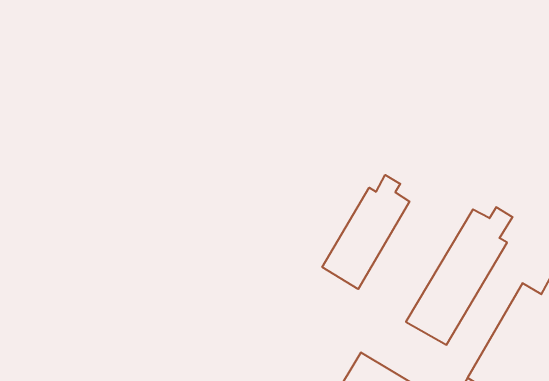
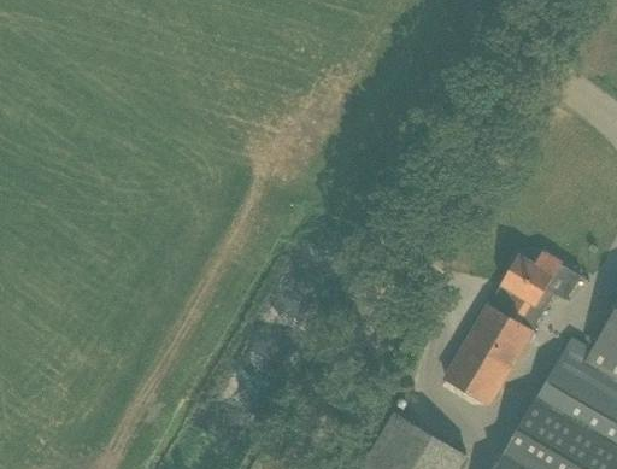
building: [322,175,409,289] -> none

